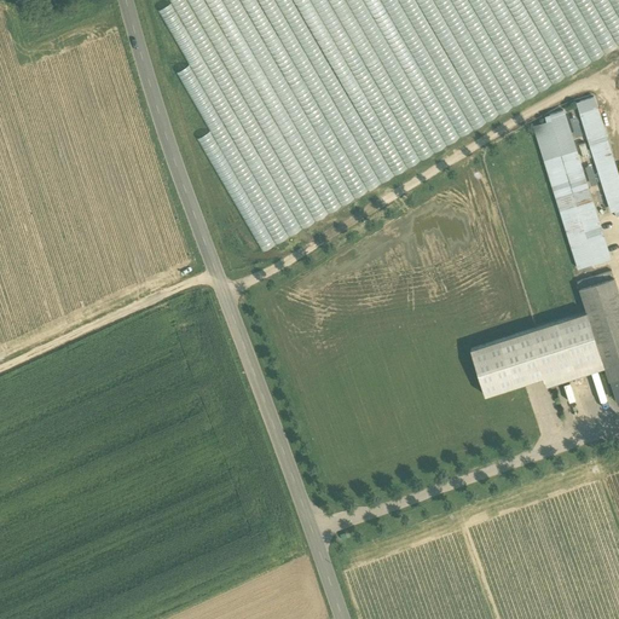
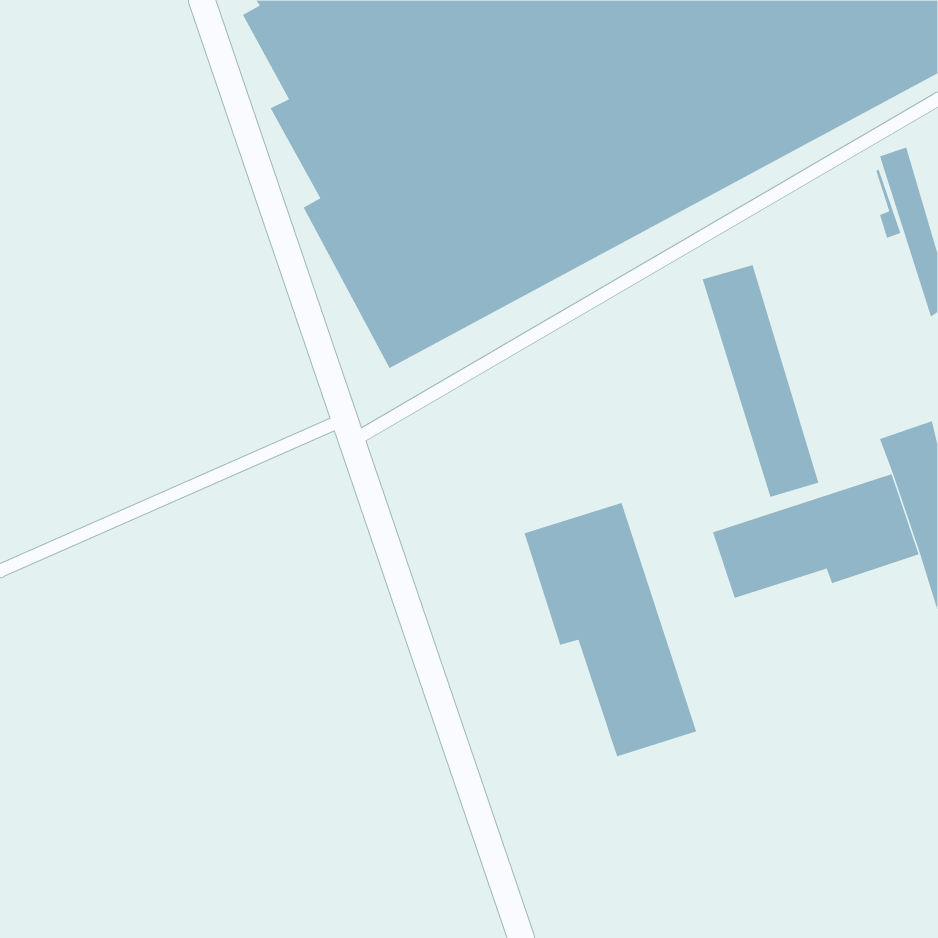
building: [533,114,611,267] -> [702,264,819,497]
building: none -> [524,502,697,757]

